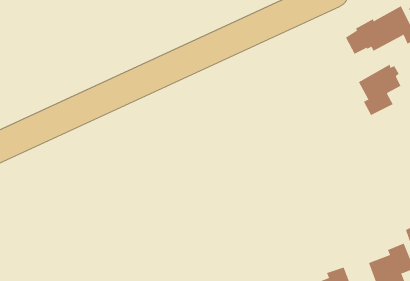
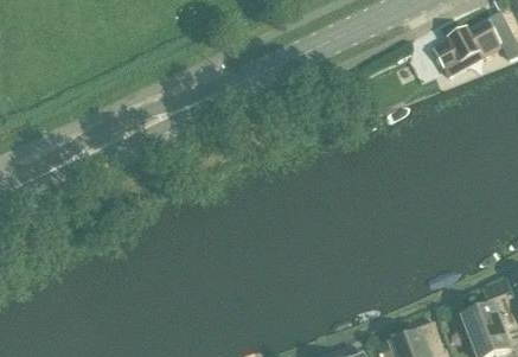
building: [358,64,401,116] -> none

